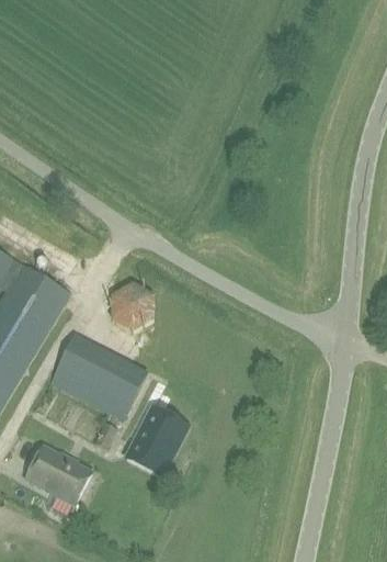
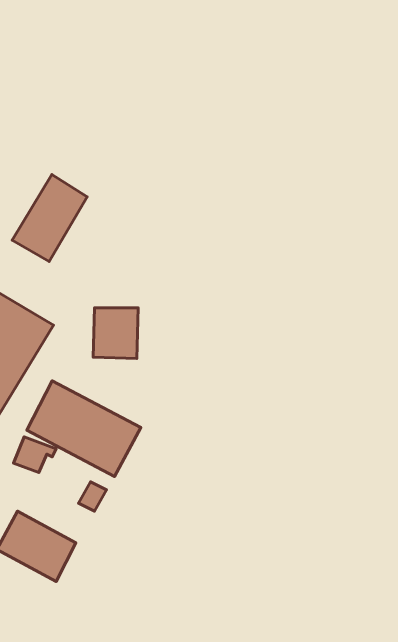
building: none -> [12,175,87,261]
building: [127,404,190,473] -> none

